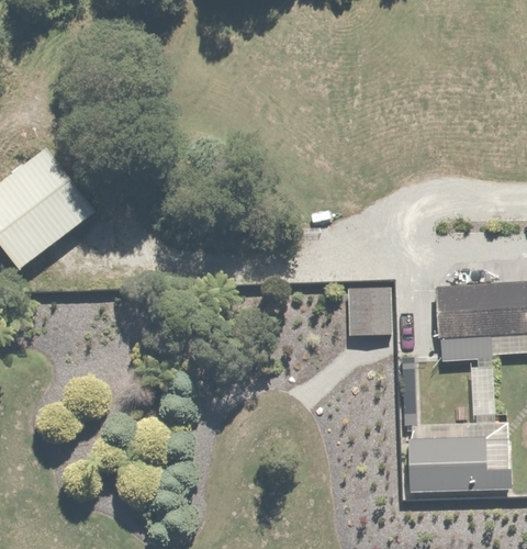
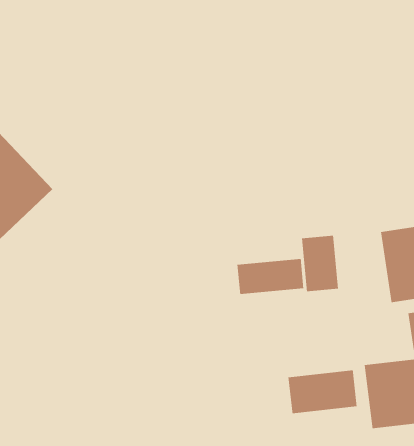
building: none -> [237,258,304,295]
building: none -> [288,370,357,414]

